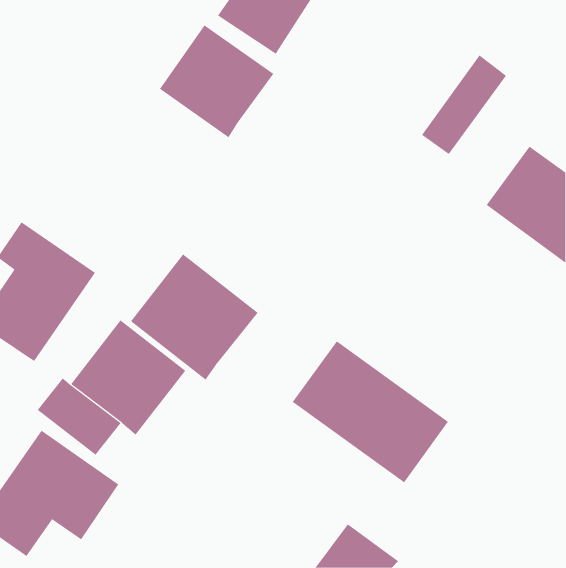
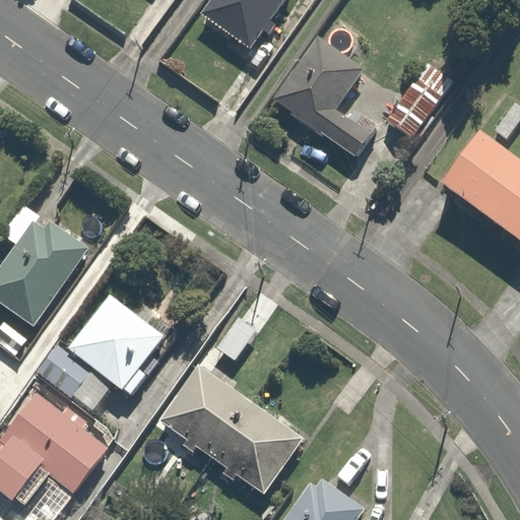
building: [159,24,274,138] -> none
building: none -> [271,35,377,157]
building: [130,254,258,380] -> none
building: [292,340,449,483] -> [158,364,302,494]

